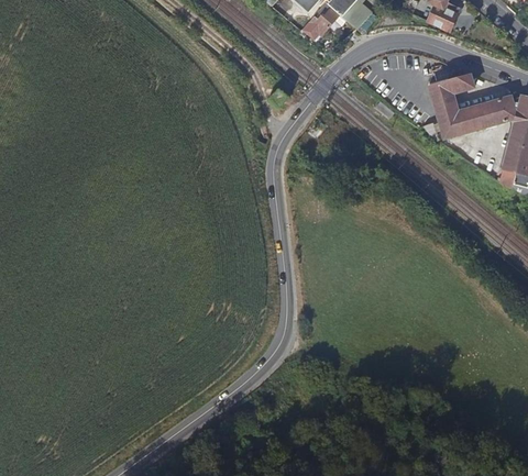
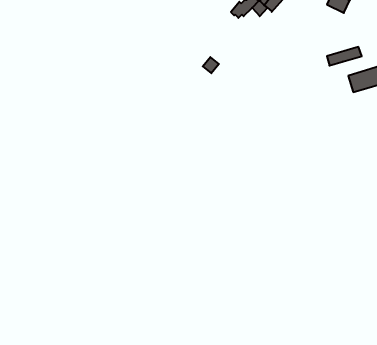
building: [432,92,463,132] -> none

